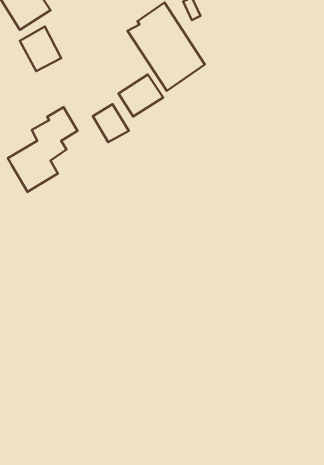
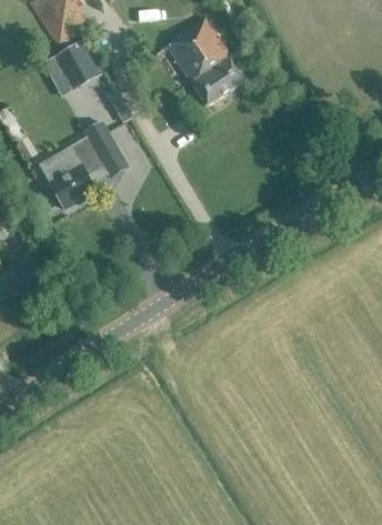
building: [119,74,163,116] -> none
building: [93,104,129,142] -> none

